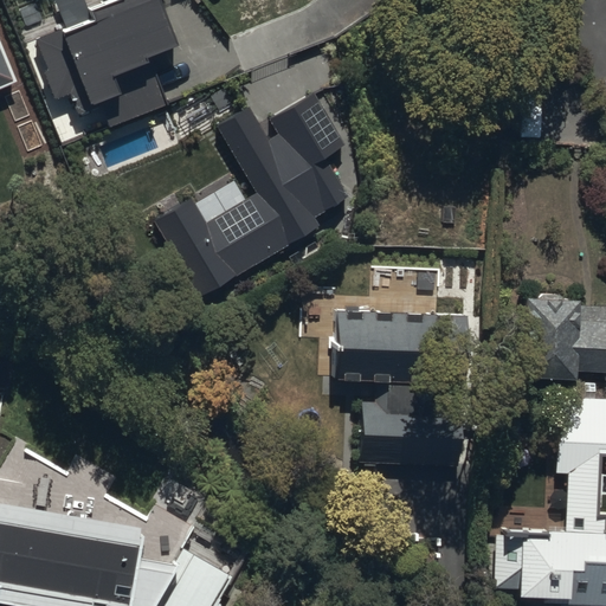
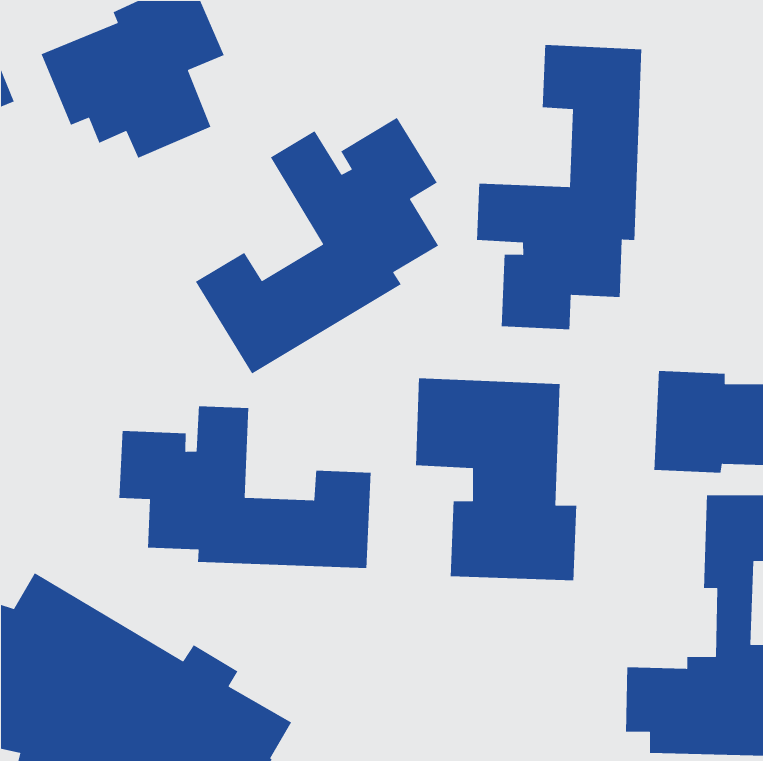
building: none -> [476,44,642,330]
building: none -> [119,406,372,569]

